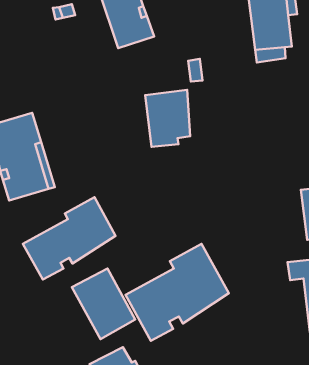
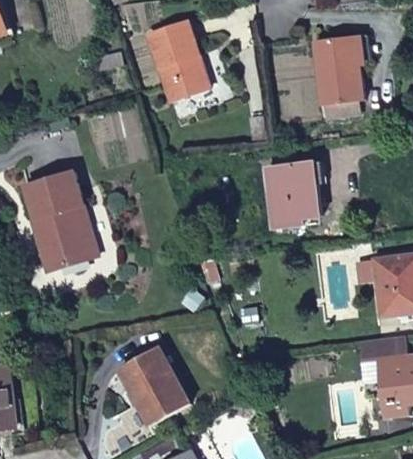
building: [145,90,190,147] -> [265,162,315,226]
building: [23,197,116,280] -> none
building: [125,244,229,341] -> none

